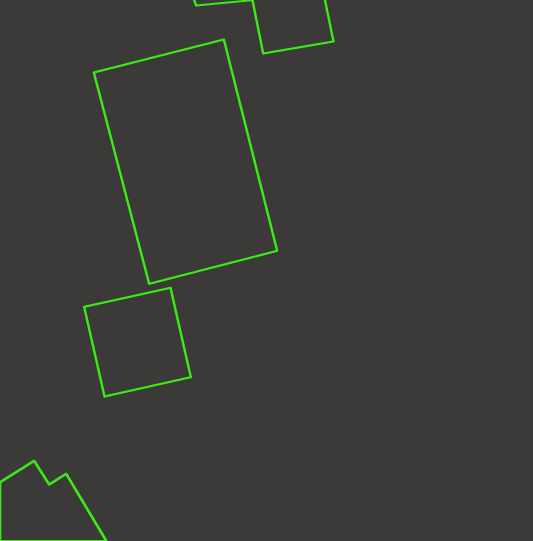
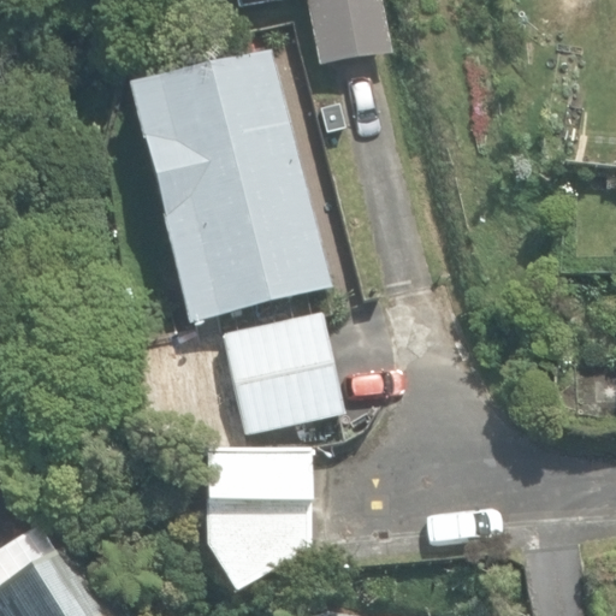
building: [84,288,191,397] -> [235,312,355,434]
building: none -> [218,448,324,593]

